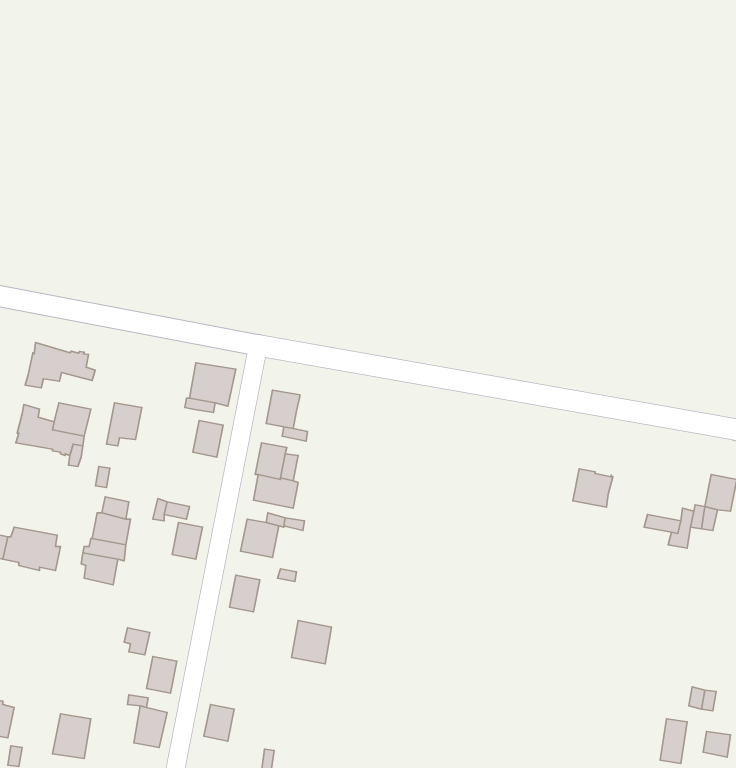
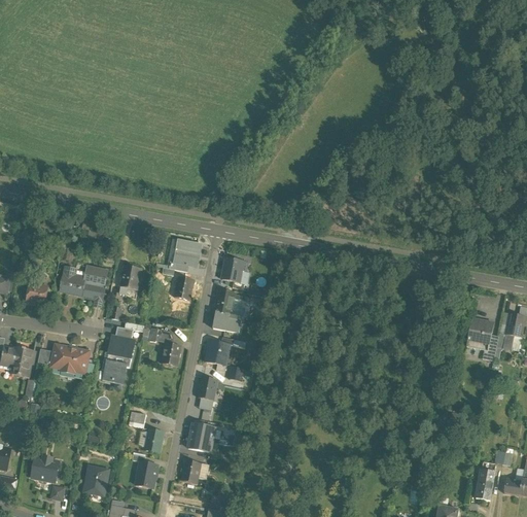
building: [25,342,95,388] -> none
building: [573,469,613,507] -> [468,316,494,341]
building: [292,621,332,664] -> [189,423,215,451]

